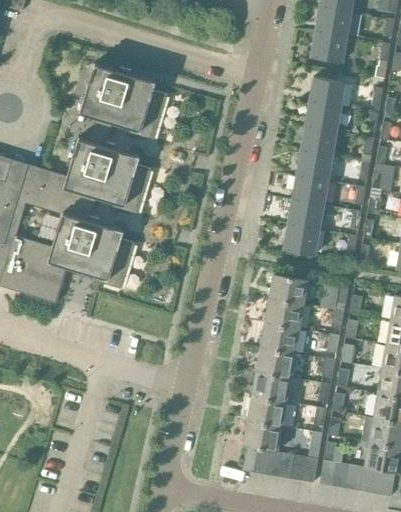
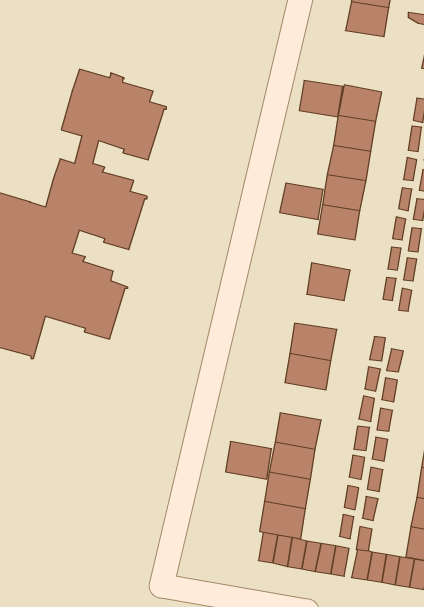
building: [311,32,347,62] -> [299,80,343,117]
building: [287,200,323,230] -> [280,183,323,220]
building: [261,323,299,354] -> [226,442,272,479]

